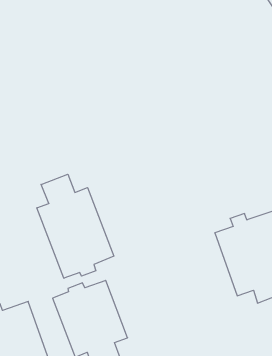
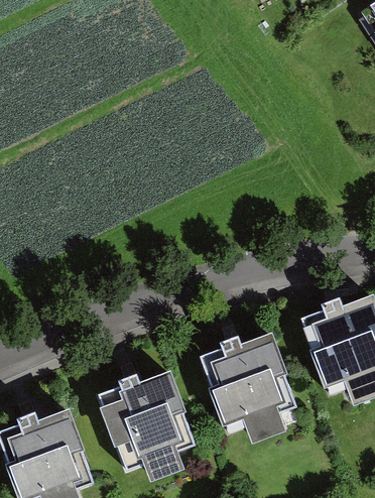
building: [37,174,114,278] -> none
building: none -> [198,330,298,445]

